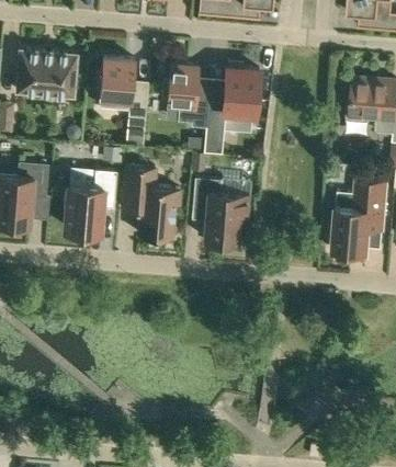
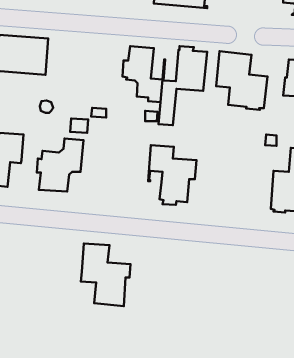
building: [97,56,148,117] -> none
building: none -> [216,51,268,110]
building: [123,164,180,237] -> [81,243,130,306]

